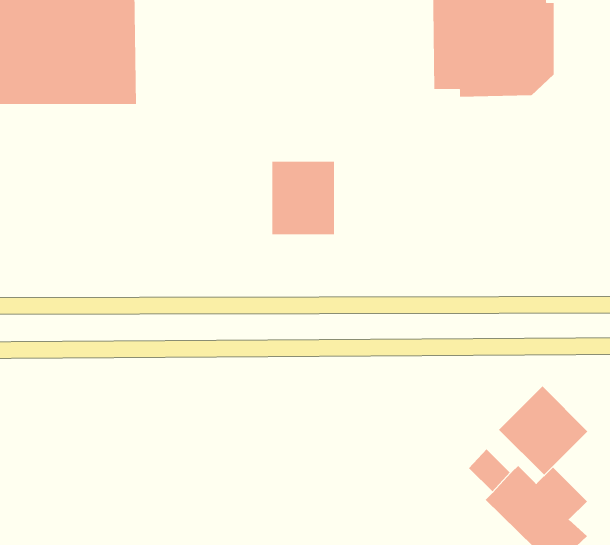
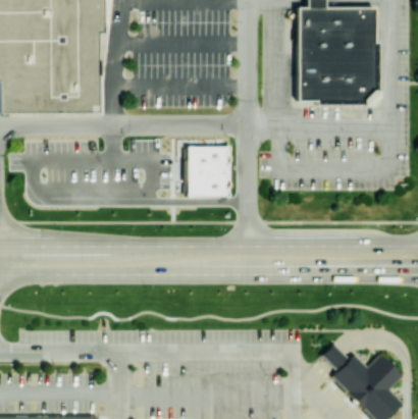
building: [498,386,588,475] -> none

